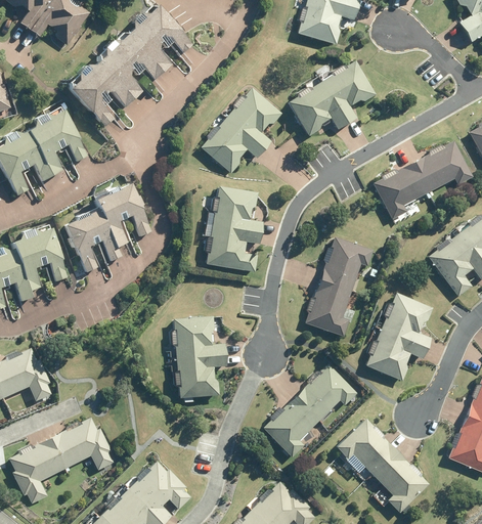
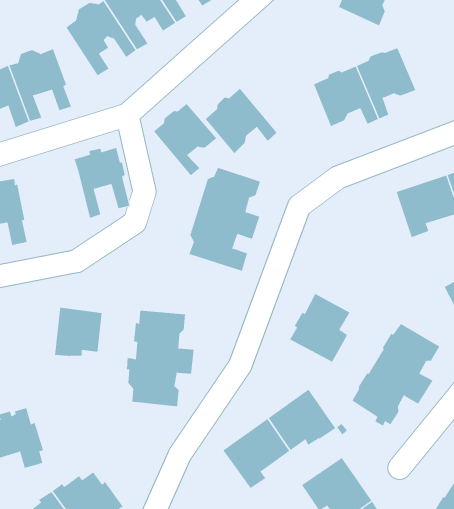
building: [227,88,282,149] -> [153,103,217,176]
building: [64,211,122,273] -> none
building: [319,237,373,292] -> none
building: none -> [54,307,102,357]

